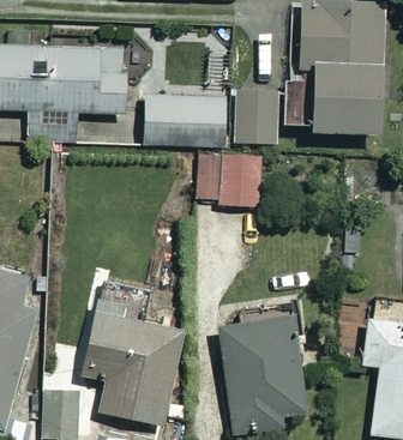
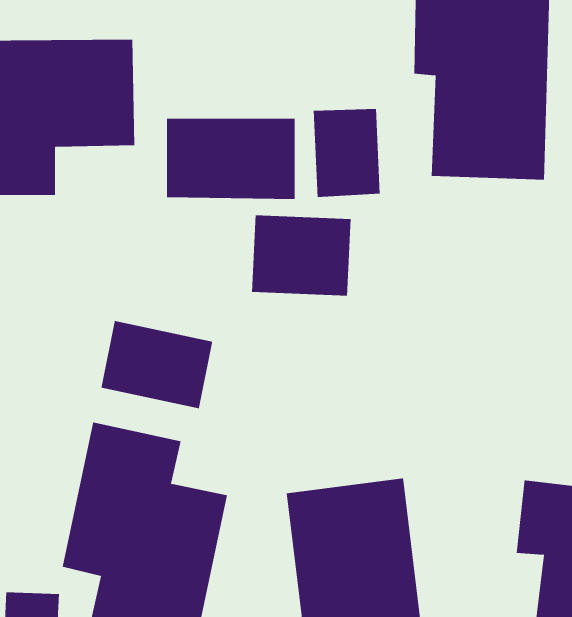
building: none -> [101,320,213,409]

